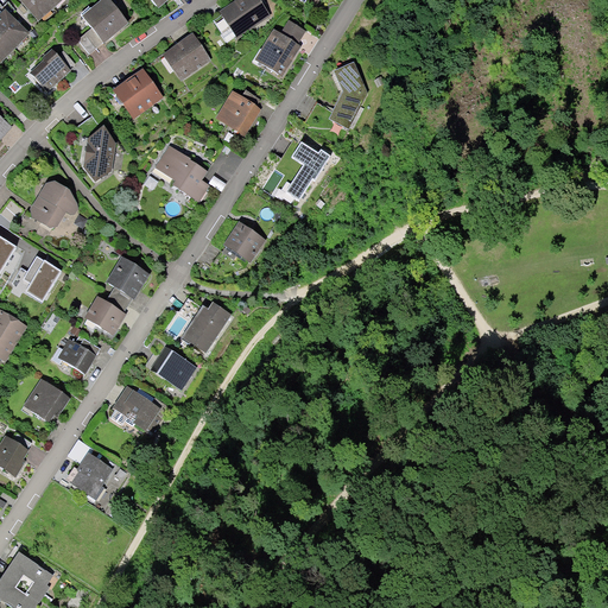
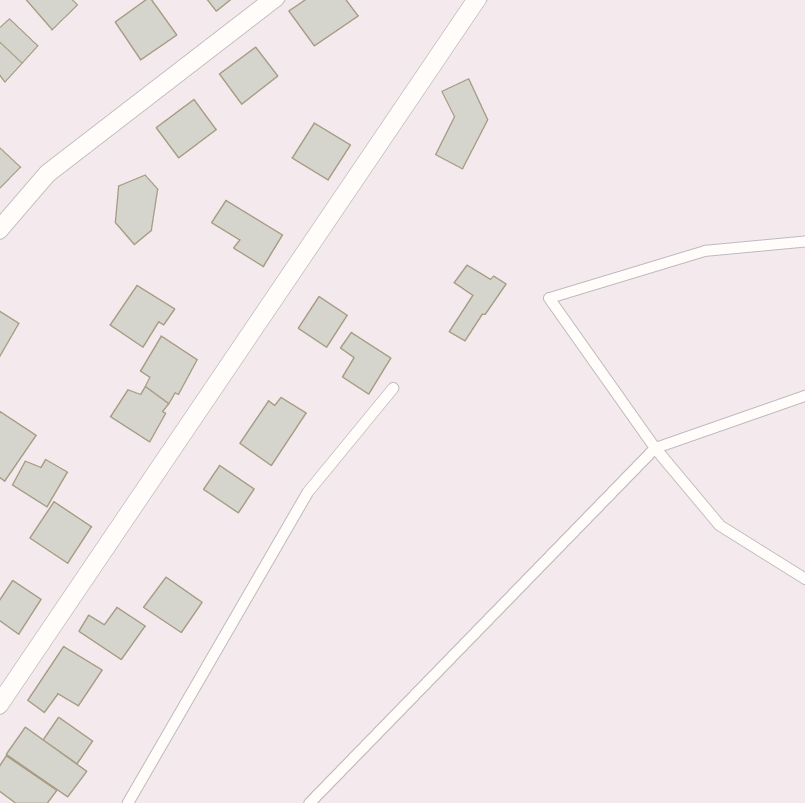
building: [252,18,305,76] -> none
building: [34,56,71,91] -> none
building: [286,139,329,196] -> [449,265,506,341]
building: [33,184,82,230] -> [110,285,175,347]
building: none -> [341,332,391,394]
building: [11,253,59,296] -> none
building: [58,336,100,372] -> [12,460,68,507]
building: [113,390,157,431] -> [144,577,202,632]
building: none -> [28,646,102,713]
building: none -> [43,717,93,764]

